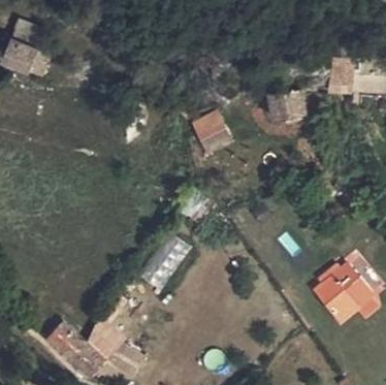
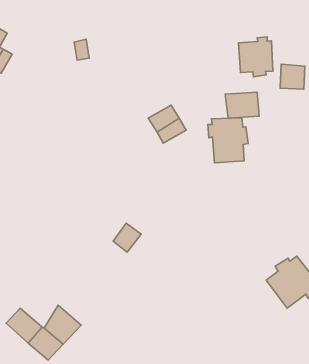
building: none -> [239,37,273,77]
building: none -> [208,118,248,163]

